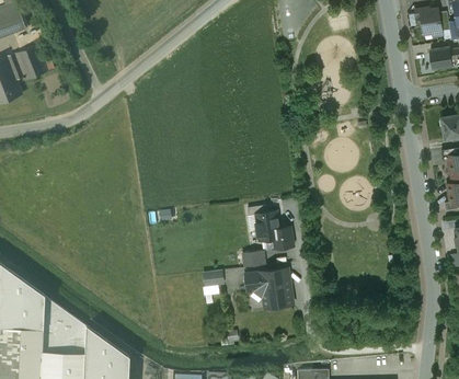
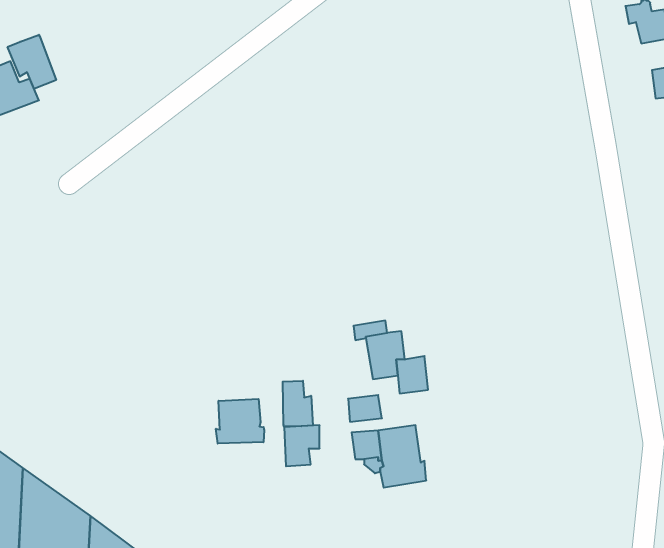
building: none -> [8,35,56,89]
building: none -> [283,381,313,427]
building: none -> [216,399,264,444]

